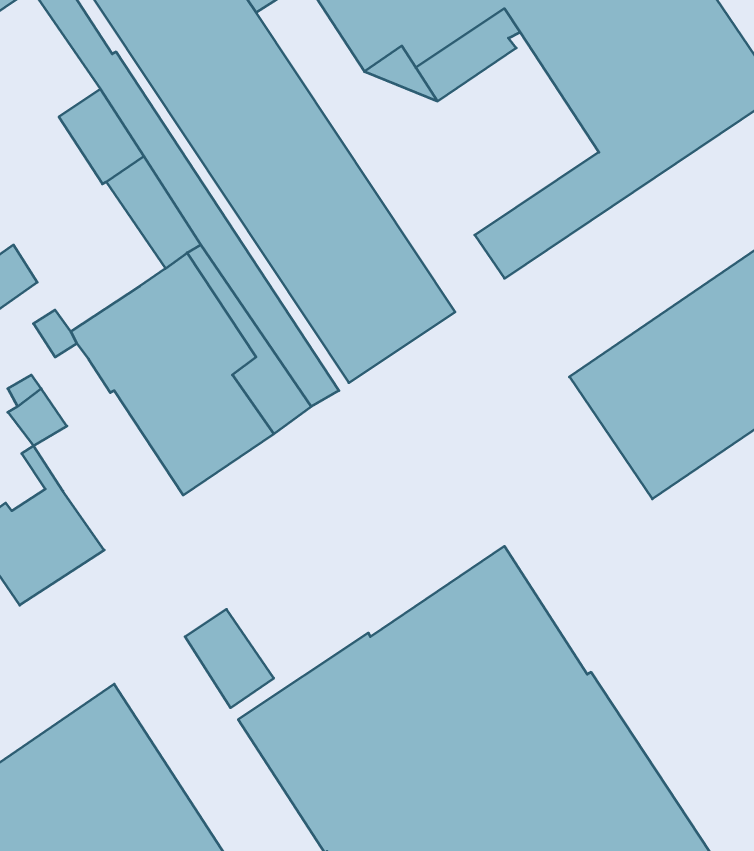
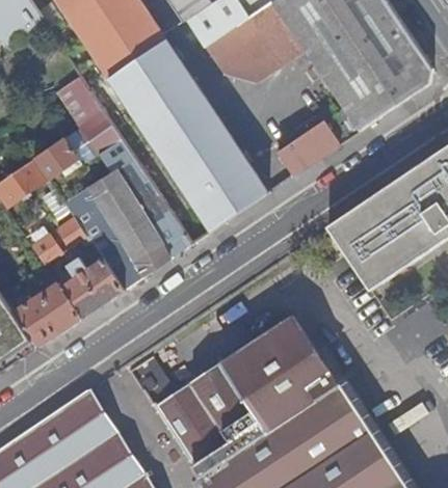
building: none -> [33,133,77,180]
building: none -> [57,218,123,319]

